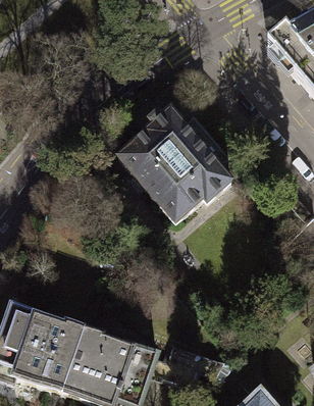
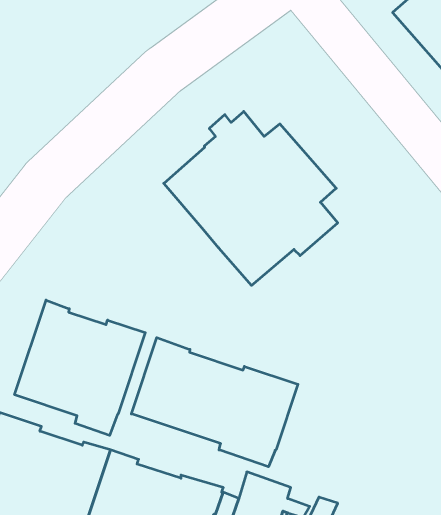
building: none -> [15,300,145,435]
building: none -> [131,338,298,467]

